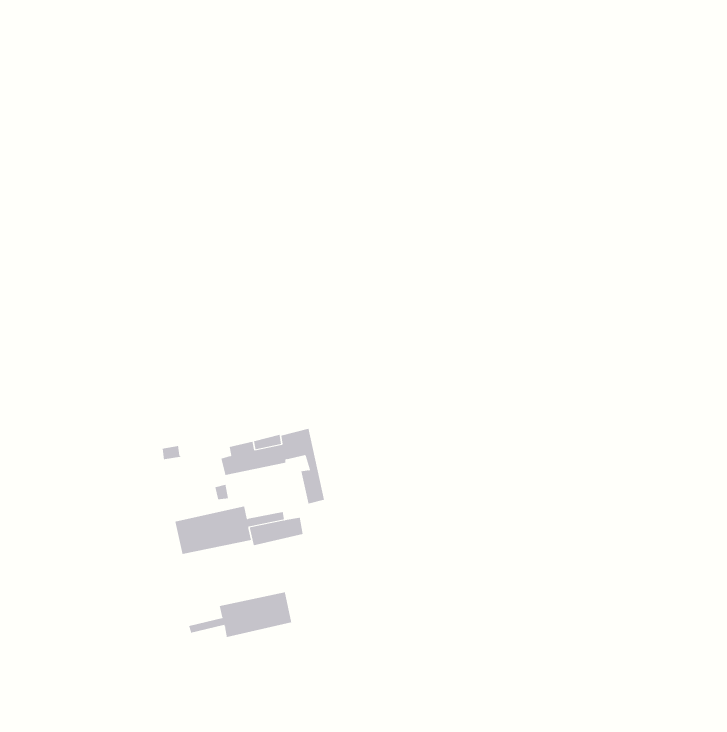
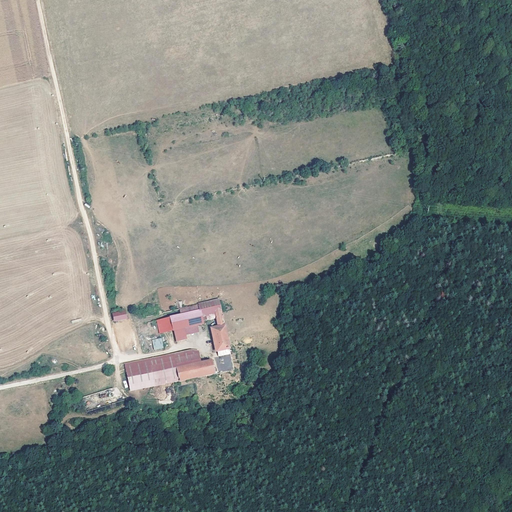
building: [189,592,292,638] -> none

